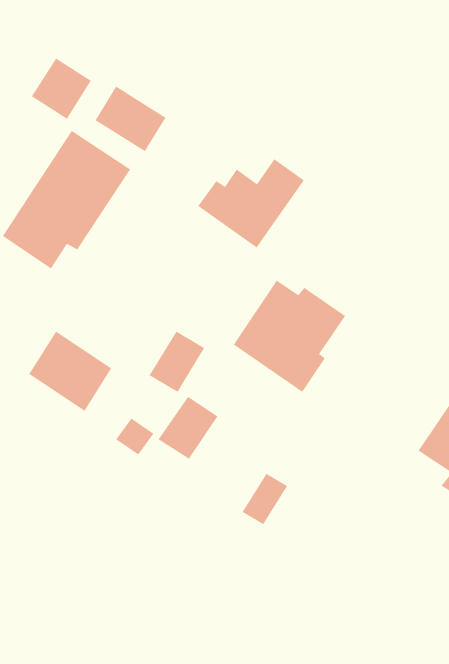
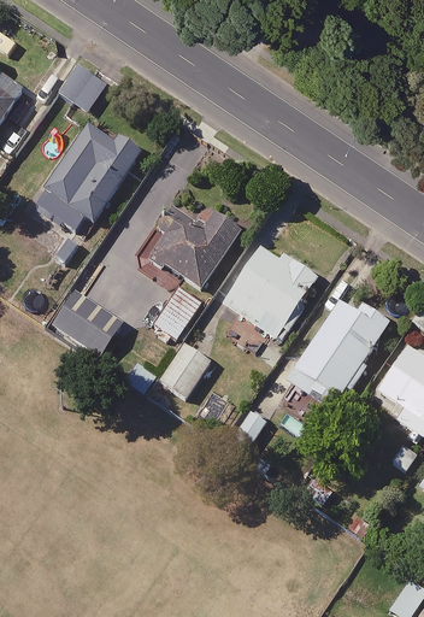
building: [94,86,167,152] -> none
building: [197,158,305,248] -> [151,213,240,288]
building: none -> [289,298,389,405]

